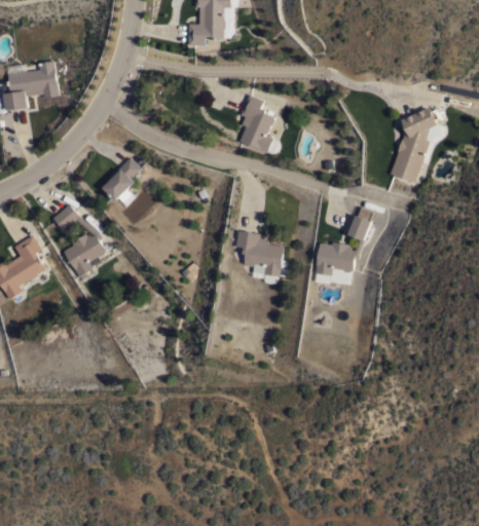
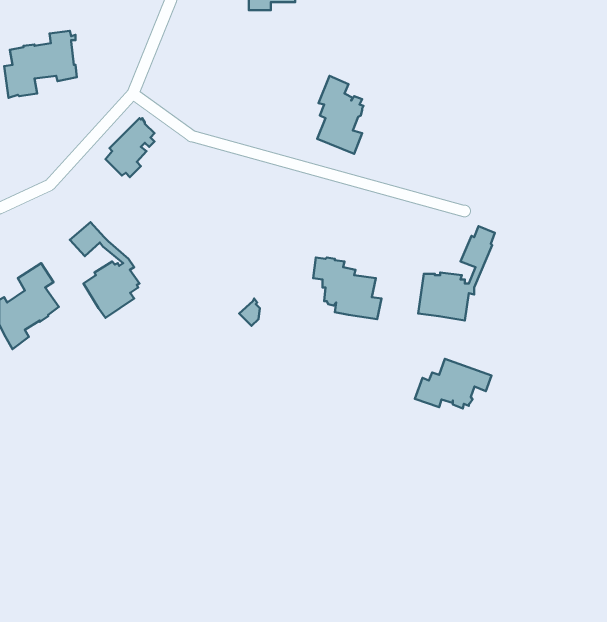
building: [391,107,439,183] -> none
building: [104,157,141,201] -> [105,118,155,177]
building: none -> [415,359,491,408]

